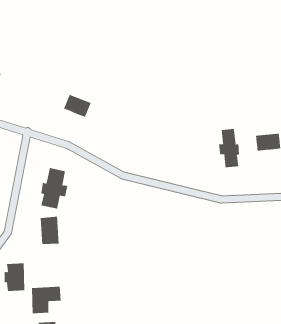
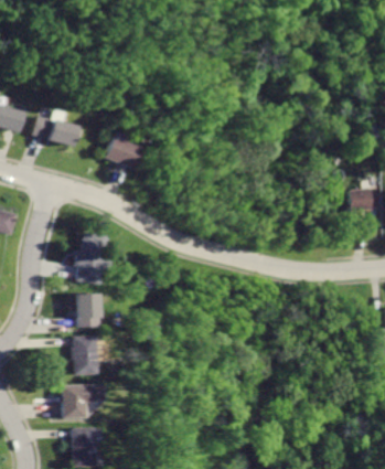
building: none -> [33,116,74,146]
building: [219,128,239,168] -> none
building: [4,263,25,291] -> [67,337,95,373]

